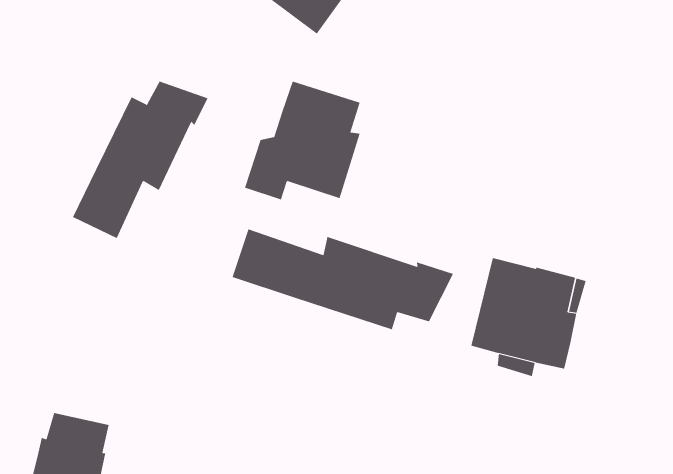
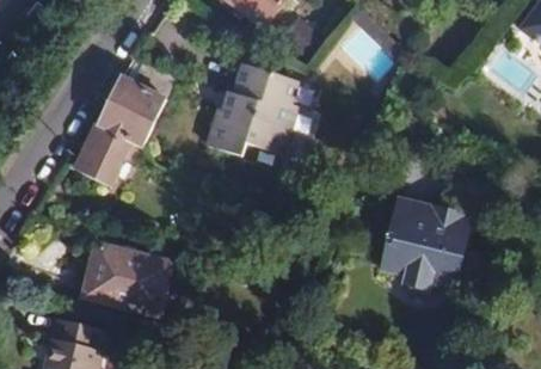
building: [232,228,454,330] -> none
building: none -> [81,244,172,316]

